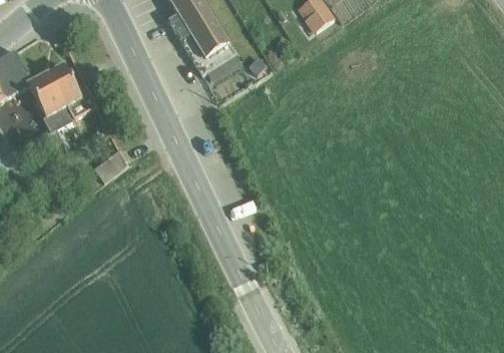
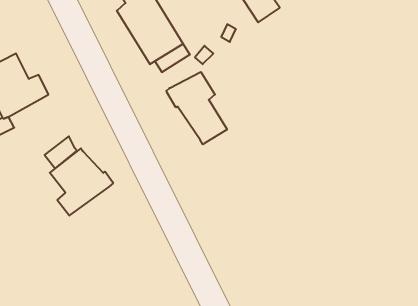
building: none -> [166,72,227,144]
building: none -> [50,148,113,216]

